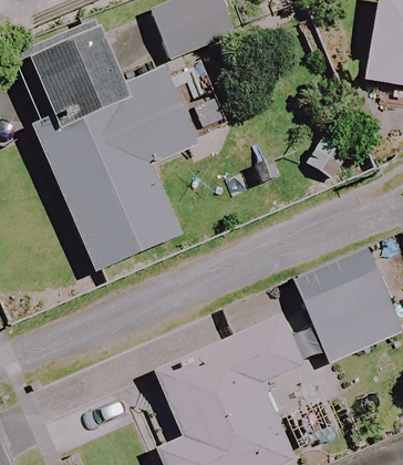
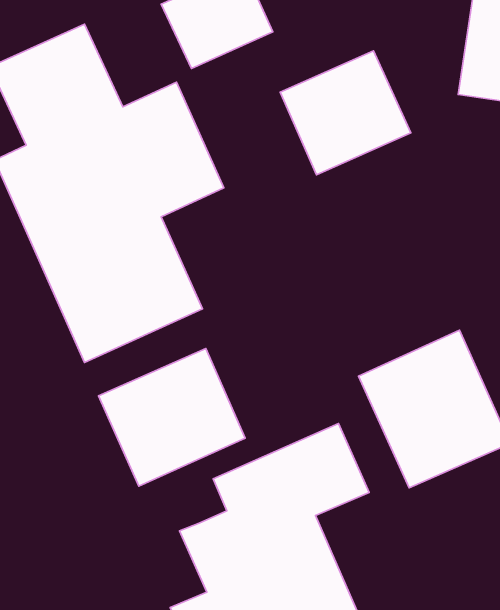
building: none -> [280,51,411,175]
building: none -> [99,349,245,486]

